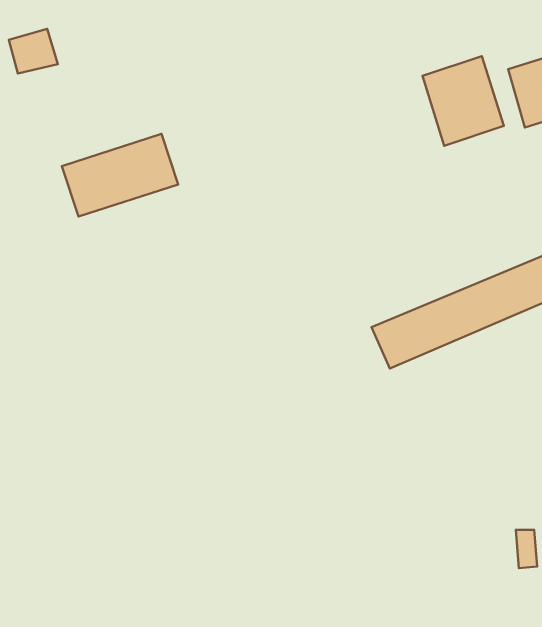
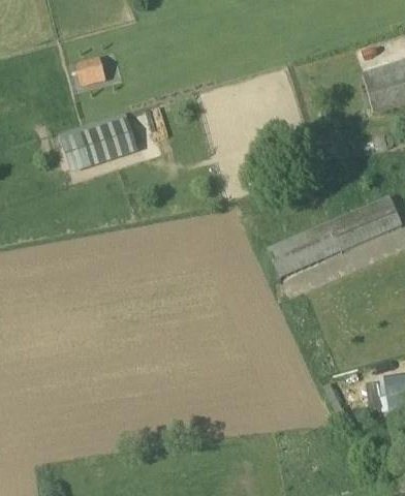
building: [9,29,58,73] -> [76,55,110,85]
building: [422,56,504,146] -> none

